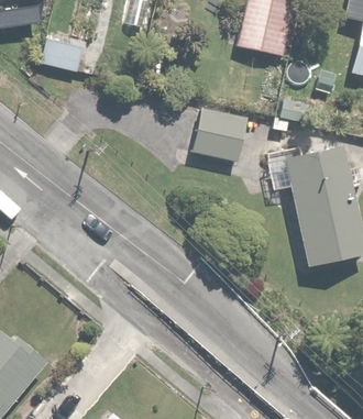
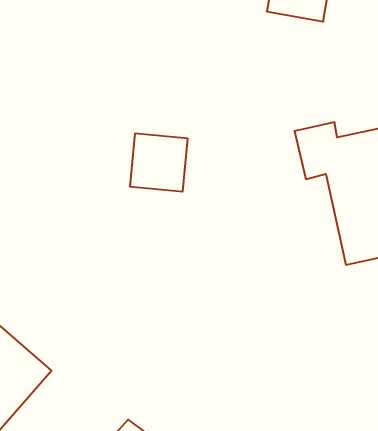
building: [196,109,246,159] -> [130,134,188,192]

